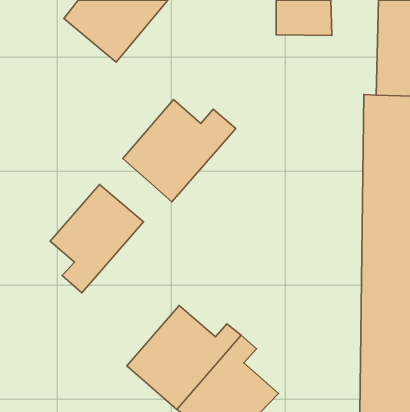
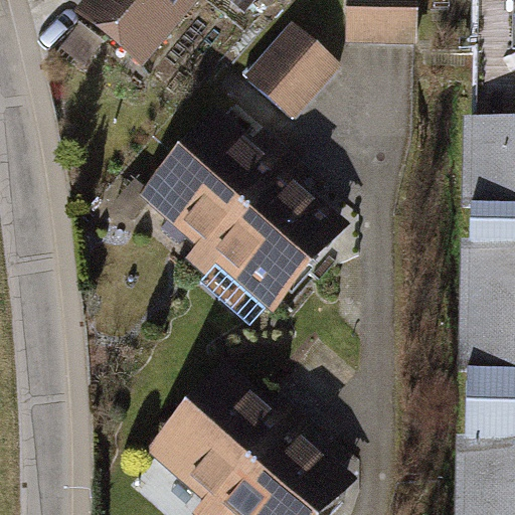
building: none -> [247,21,342,117]
building: none -> [217,161,343,306]
building: [50,184,144,293] -> none

